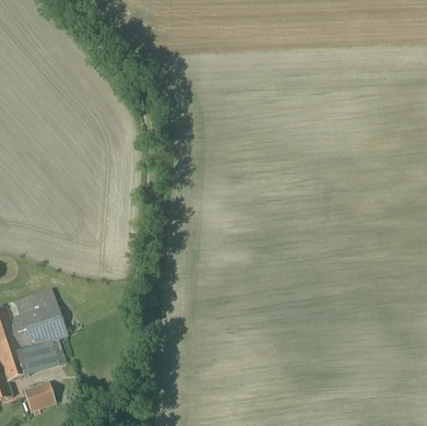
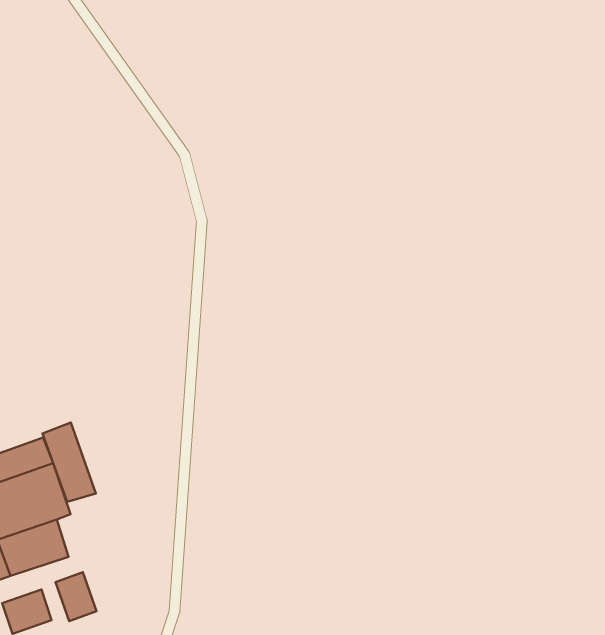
building: none -> [43,423,96,502]
building: none -> [56,572,96,621]

